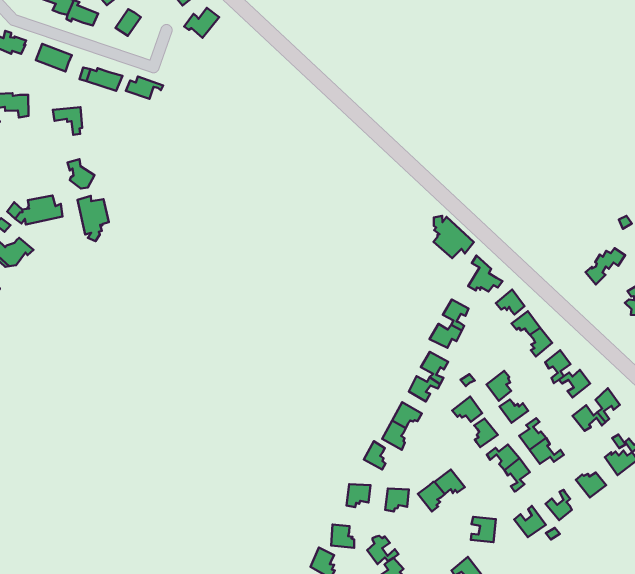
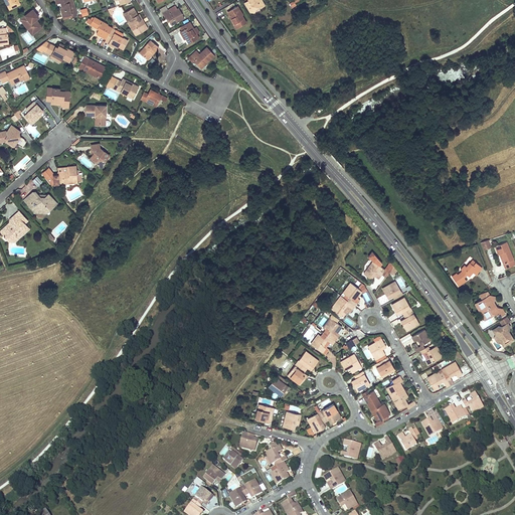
building: [77,196,109,241] -> none
building: [433,216,474,258] -> none

